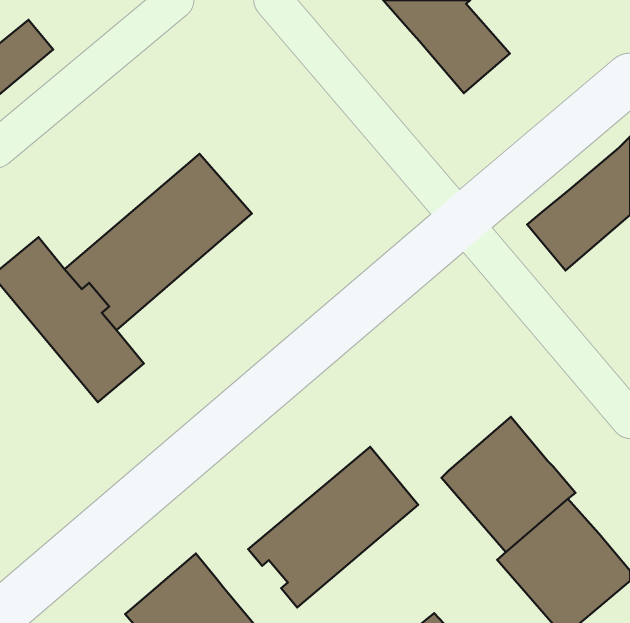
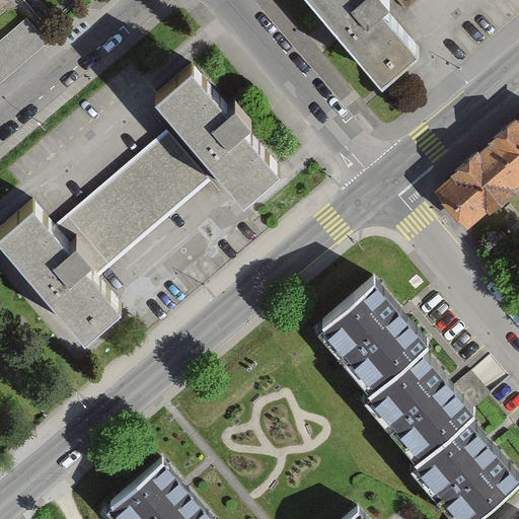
building: none -> [154,67,276,201]
building: none -> [313,282,425,393]
building: [248,447,418,607] -> none

